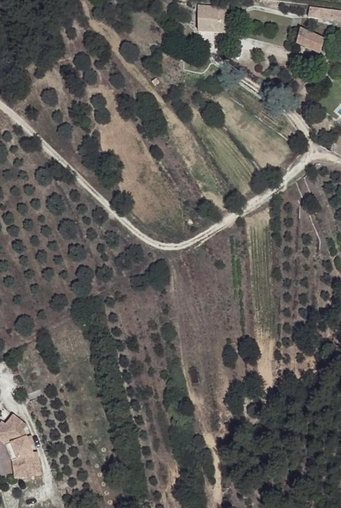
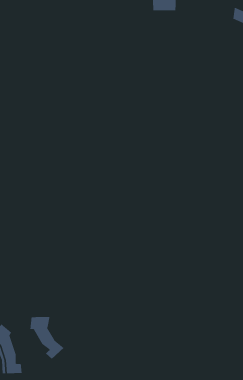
building: none -> [30,316,65,359]

